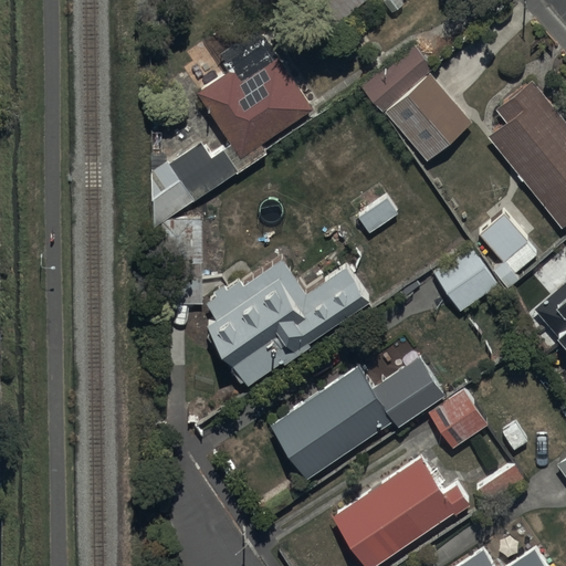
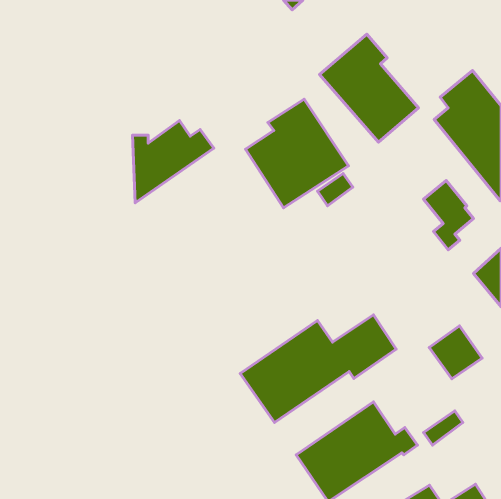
building: [199,35,315,158] -> [245,99,348,208]
building: [433,248,497,312] -> none
building: [197,254,371,387] -> none
building: [429,389,489,449] -> [429,326,482,379]

